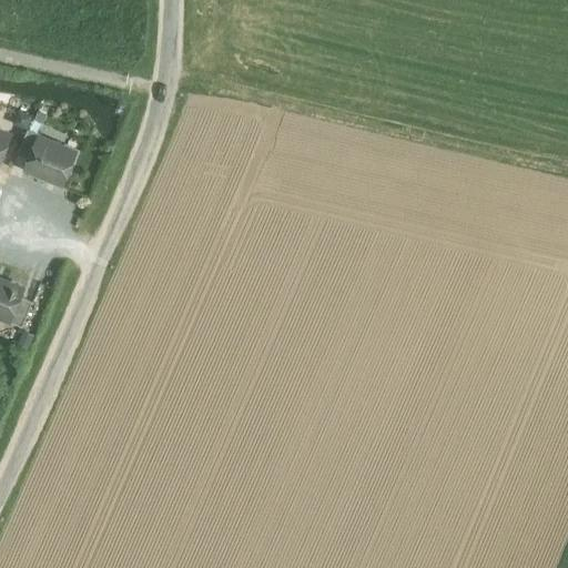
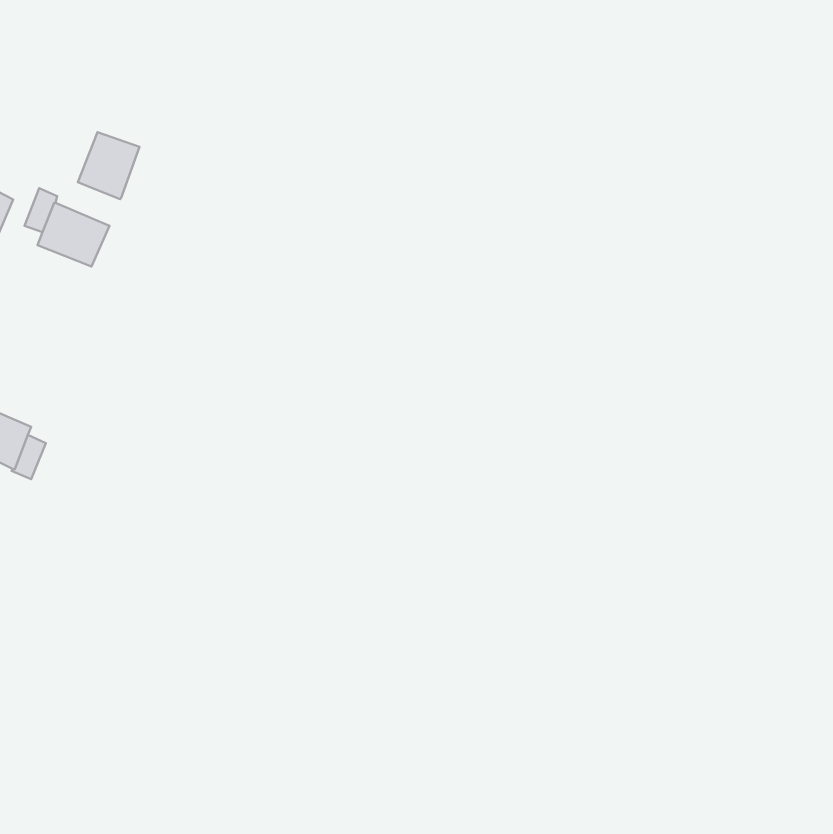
building: none -> [78,132,140,199]

